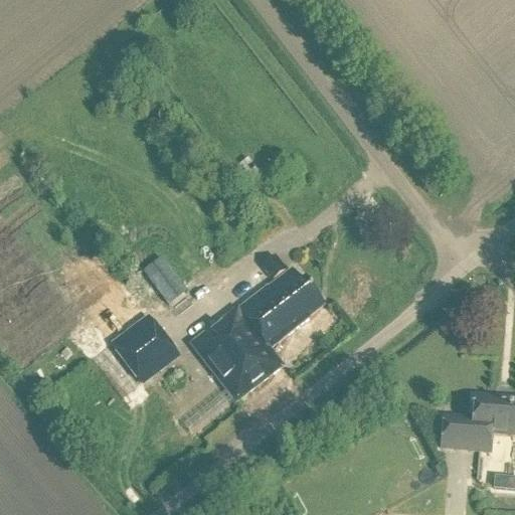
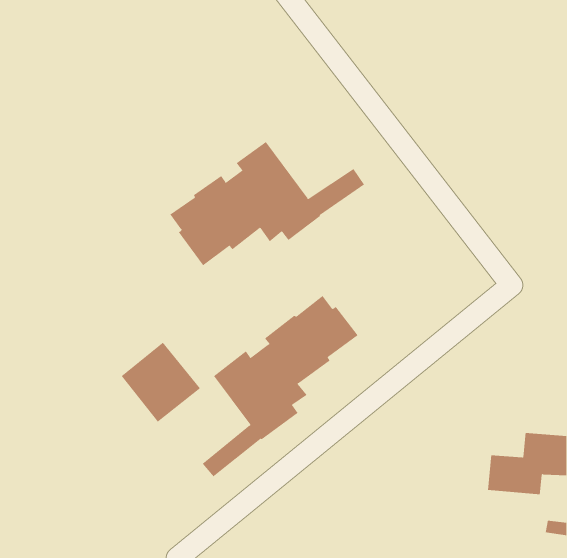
building: none -> [169,141,365,266]
building: [143,253,187,302] -> none

